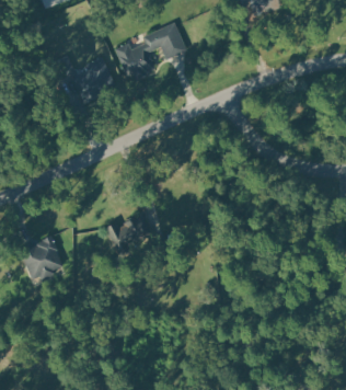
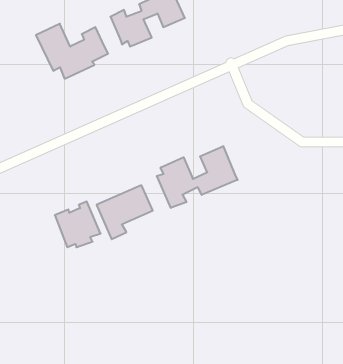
building: none -> [157,146,238,208]
building: [21,236,65,279] -> [55,201,101,247]

